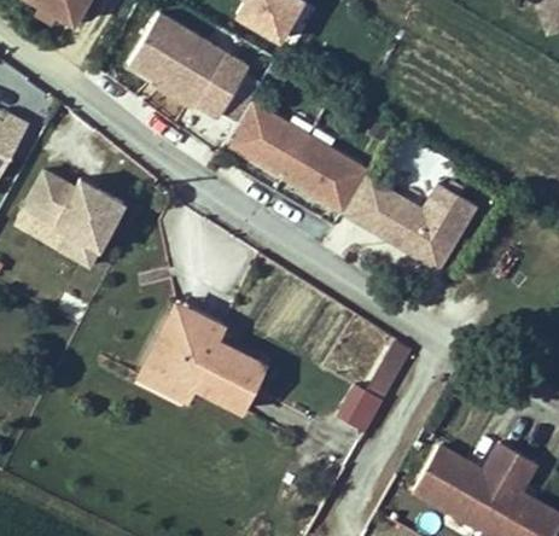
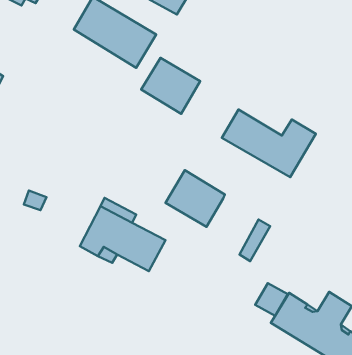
building: [285,136,371,219] -> [166,170,225,227]
building: [29,176,124,272] -> none
building: [338,381,385,429] -> [255,283,288,316]

